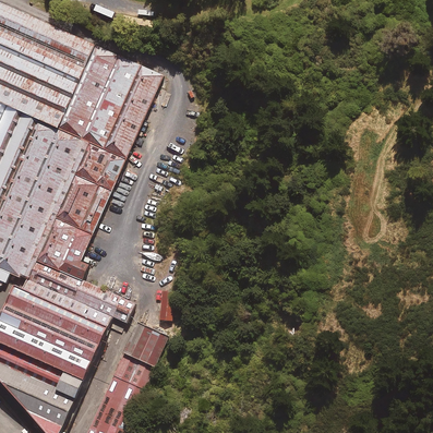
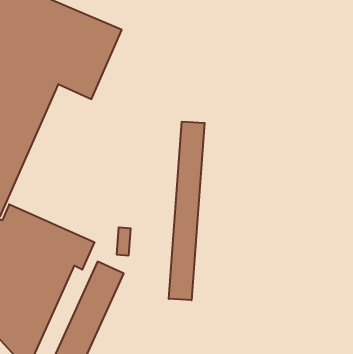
building: [41,142,127,280] -> none
building: none -> [169,122,205,300]

